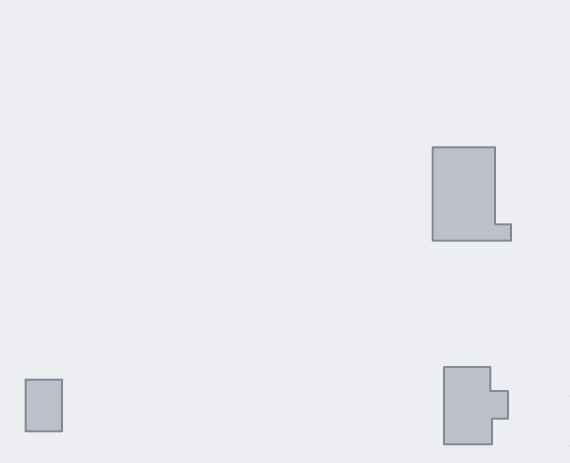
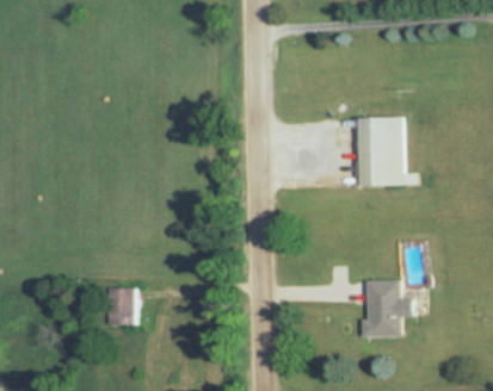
building: [25,380,62,431] -> [109,287,136,325]

